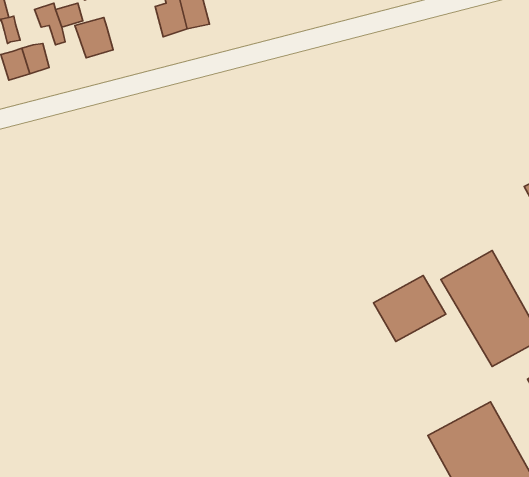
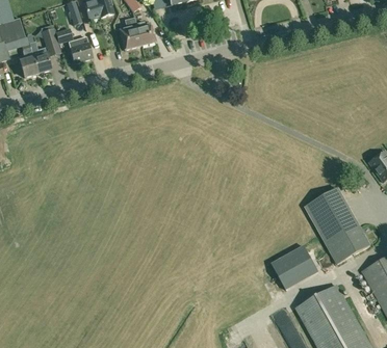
building: [373,276,446,341] -> [270,245,317,288]

